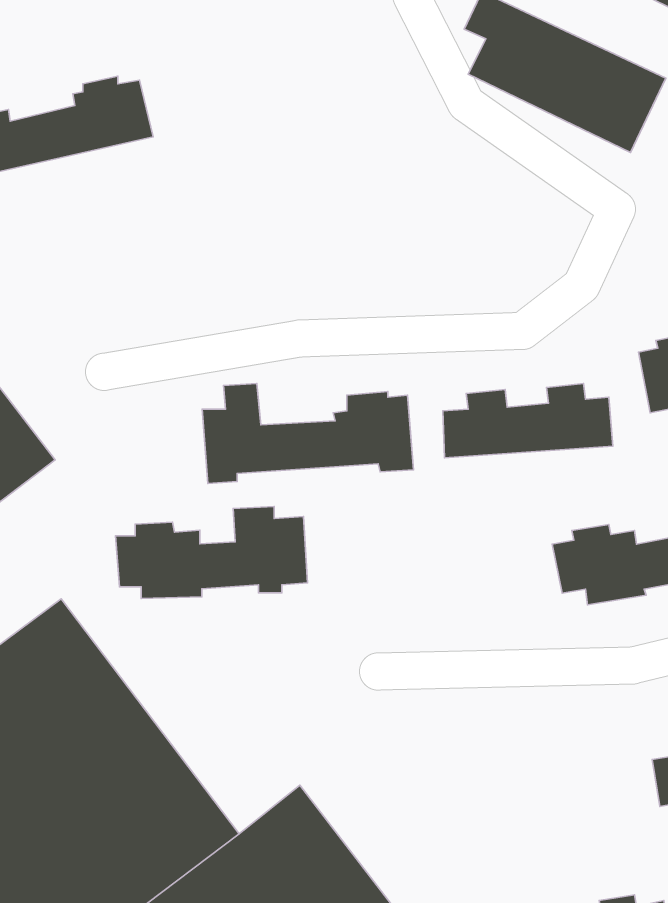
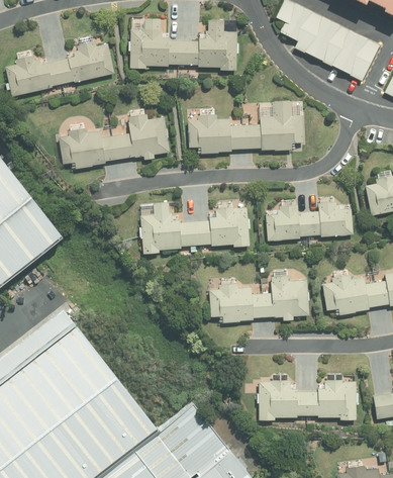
building: none -> [129,18,236,69]
building: none -> [190,100,303,154]
building: none -> [60,114,171,168]
building: [116,507,307,599] -> [209,274,308,321]
building: none -> [259,379,356,419]

